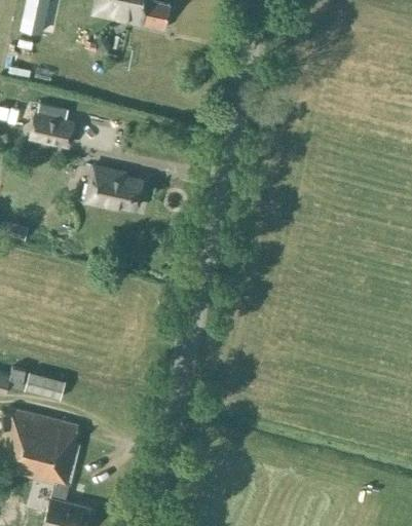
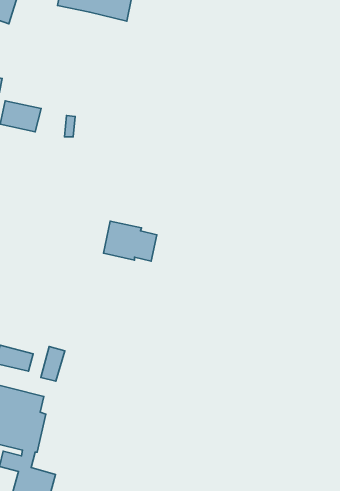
building: [85,164,142,206] -> [103,221,157,261]
building: none -> [41,347,65,381]

